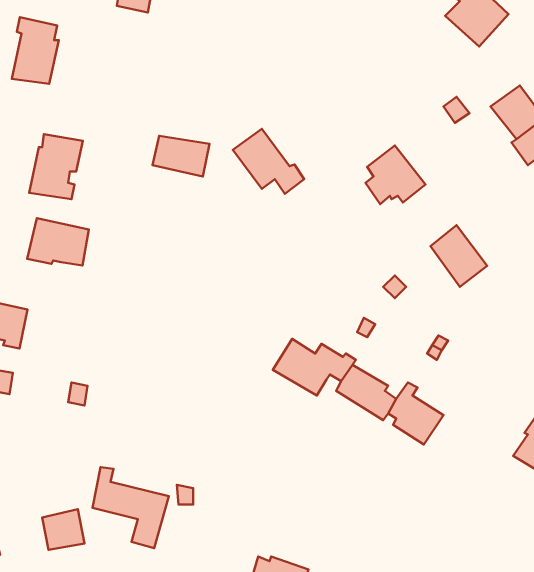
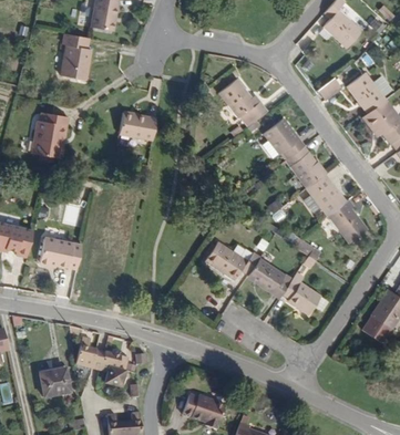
building: [12,17,59,84] -> [59,32,91,77]
building: [233,129,304,194] -> [217,76,266,121]
building: none -> [285,144,324,186]
building: [27,218,89,265] -> [38,235,80,267]
building: none -> [326,197,366,240]

